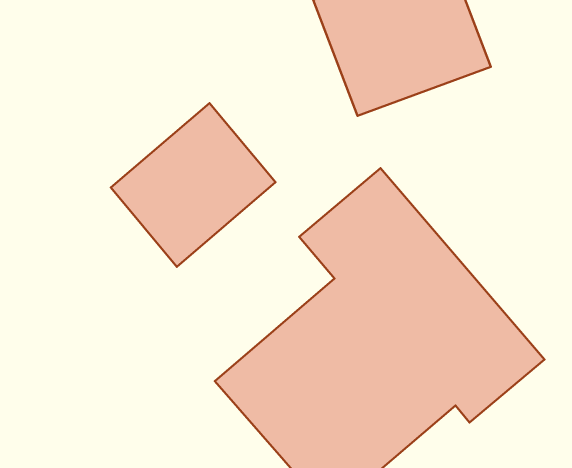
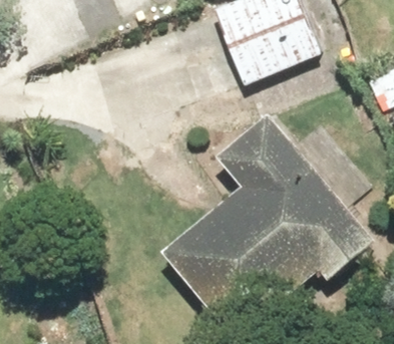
building: [111,103,275,267] -> none

